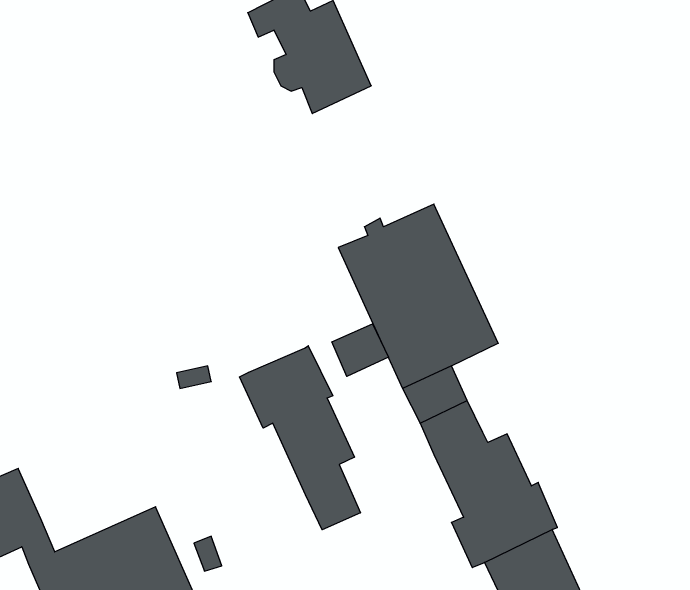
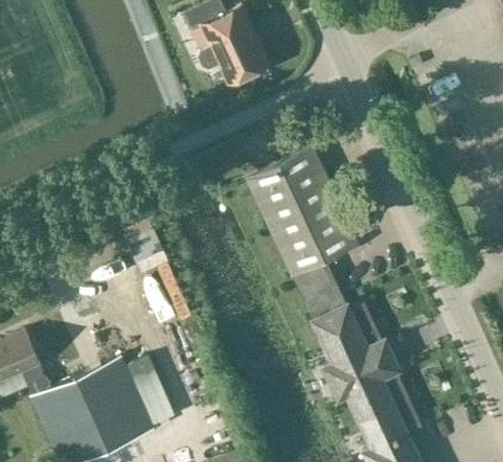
building: [332,324,388,376] -> none
building: [240,346,360,530] -> none

